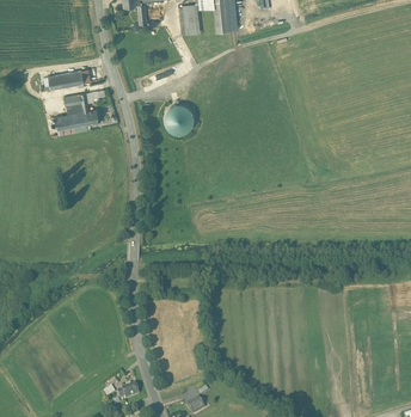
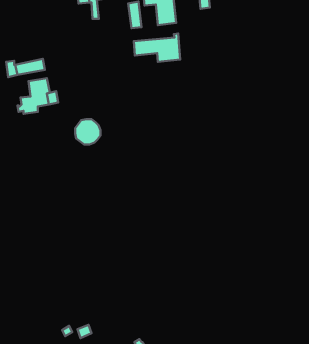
building: none -> [134,34,180,62]
building: [164,104,194,134] -> [75,119,101,145]

